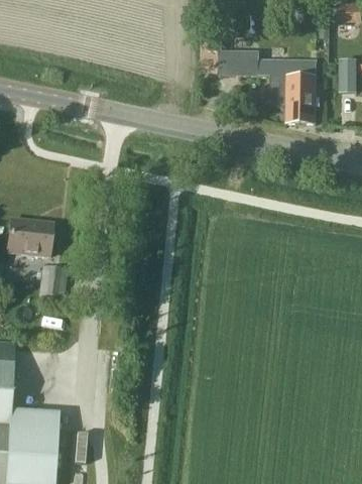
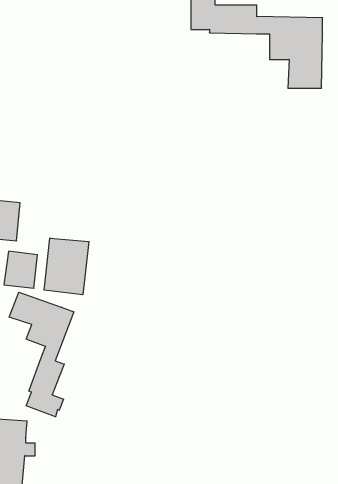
building: none -> [44,238,89,295]
building: none -> [9,292,74,417]

